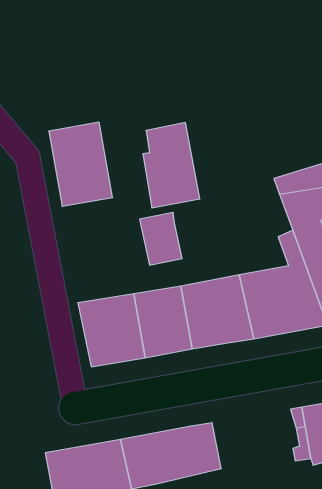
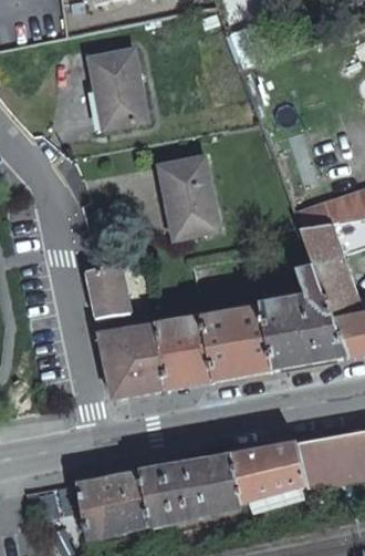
building: [49,122,113,206] -> [86,47,149,130]
building: [140,212,182,265] -> [87,266,129,318]
building: none -> [233,441,307,497]

